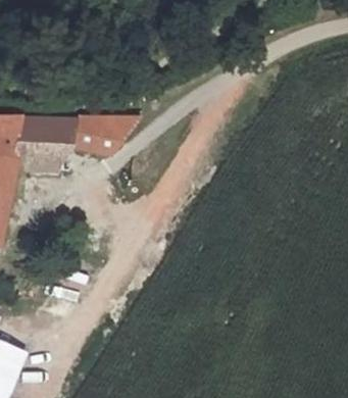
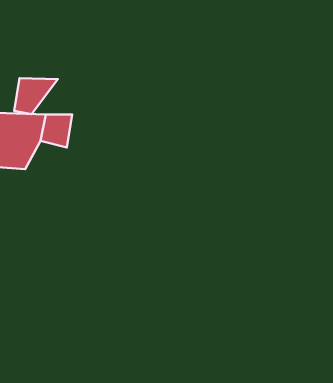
building: [98,117,139,151] -> [14,78,58,114]

